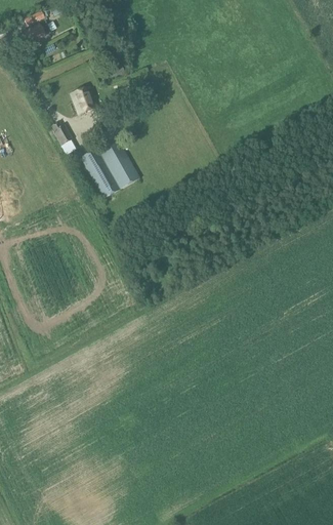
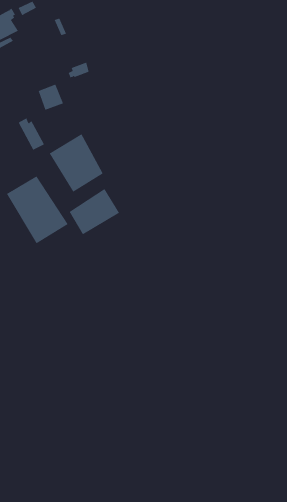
building: none -> [6,176,68,244]
building: none -> [69,188,120,235]

